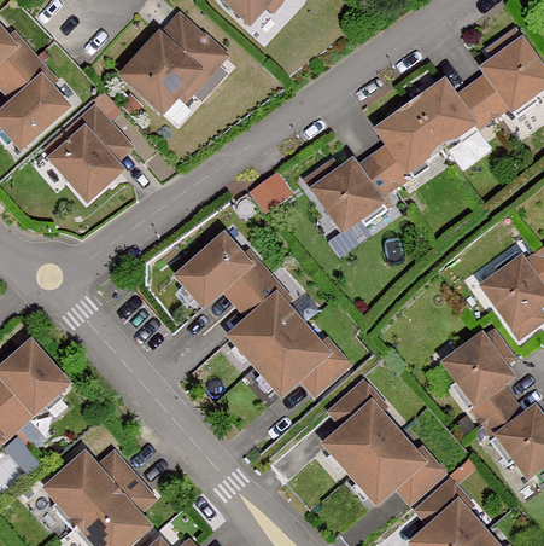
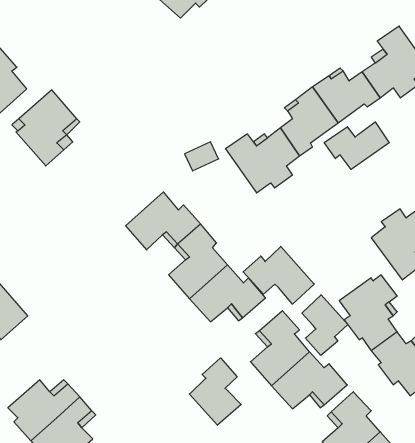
building: [122,14,224,115] -> none
building: none -> [324,122,389,169]
building: none -> [243,246,314,304]
building: none -> [302,295,348,355]
building: none -> [189,358,241,425]

